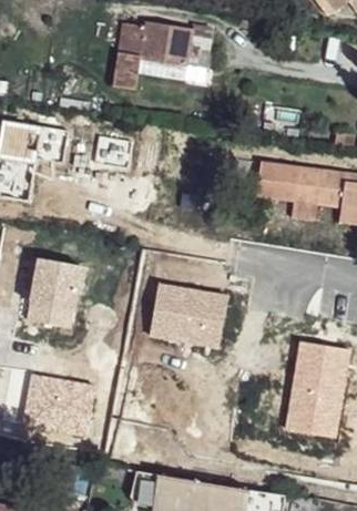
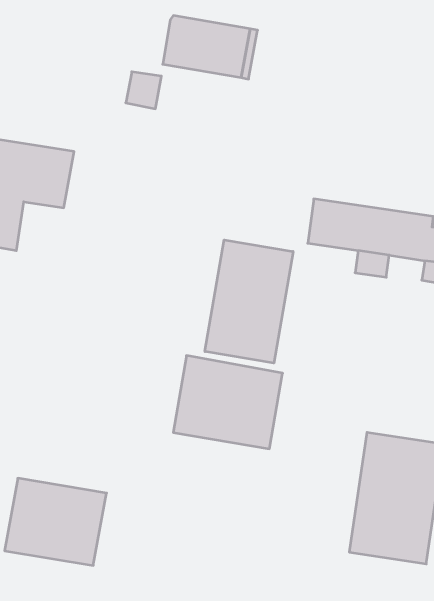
building: [116,24,145,71] -> none
building: none -> [205,240,293,363]
building: [24,258,85,331] -> none

